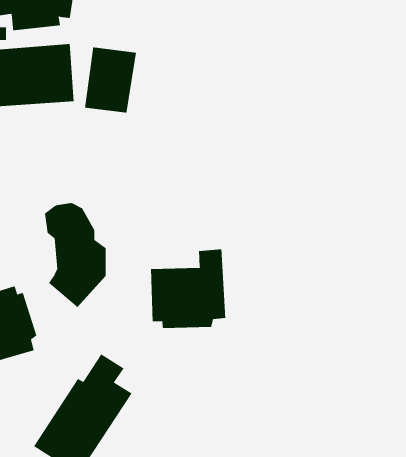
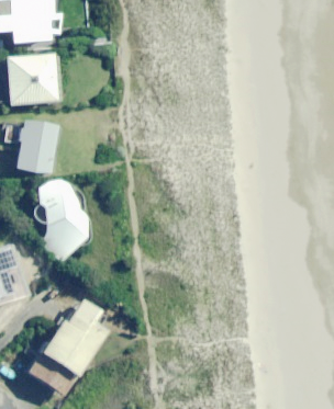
building: [84,47,137,113] -> [15,121,57,173]
building: [150,249,226,329] -> none

